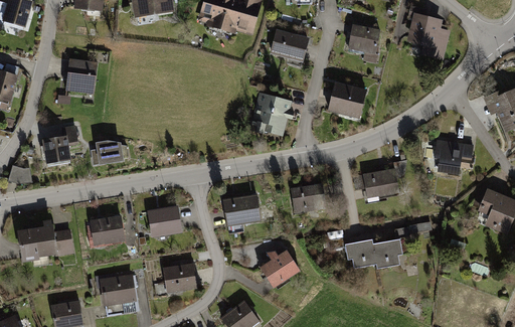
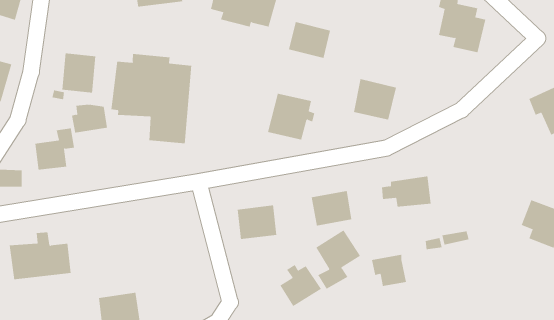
building: [347,24,380,64] -> none
building: none -> [111,53,192,144]
building: [91,141,124,167] -> [71,104,108,133]
building: [435,141,473,176] -> none
building: [147,207,180,237] -> none
building: none -> [315,229,361,290]
building: [90,217,124,247] -> none
building: [372,239,402,269] -> none
building: [163,263,197,294] -> none

